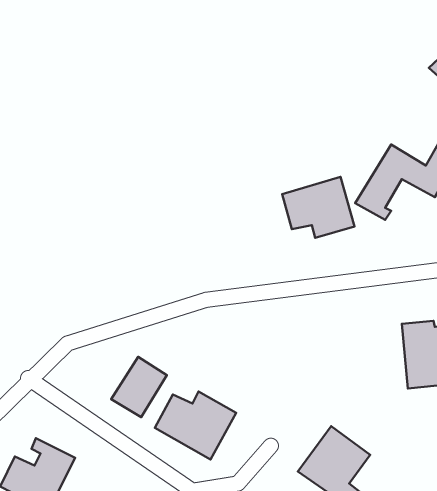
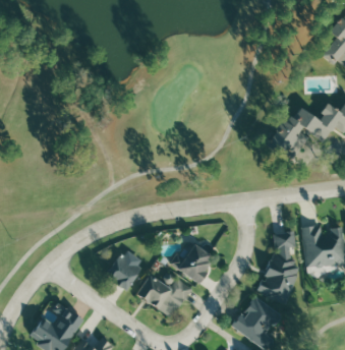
building: [282,177,354,238] -> none
building: none -> [256,231,296,302]
building: none -> [169,245,214,284]

